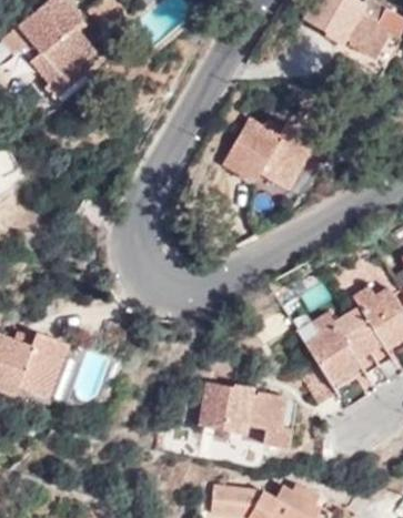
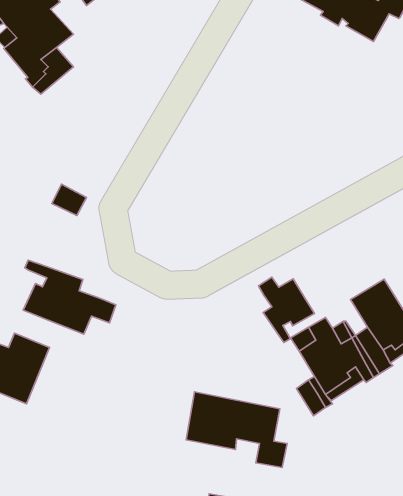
building: [223,114,312,181] -> none
building: none -> [23,260,116,334]
building: none -> [258,277,314,342]

